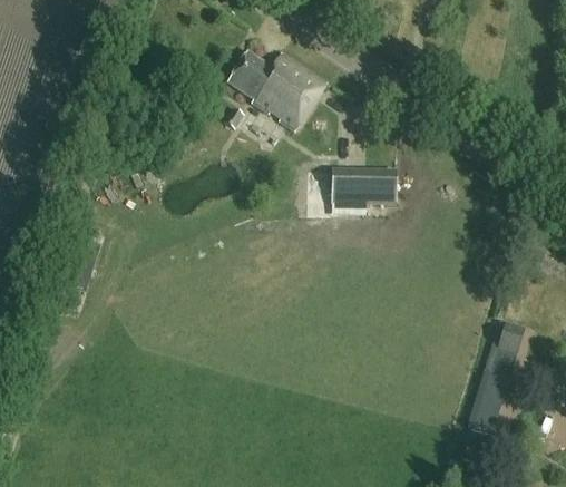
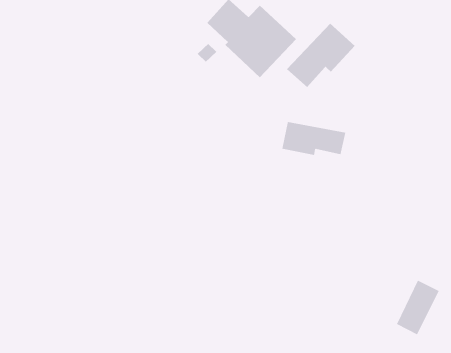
building: none -> [286,23,356,88]

